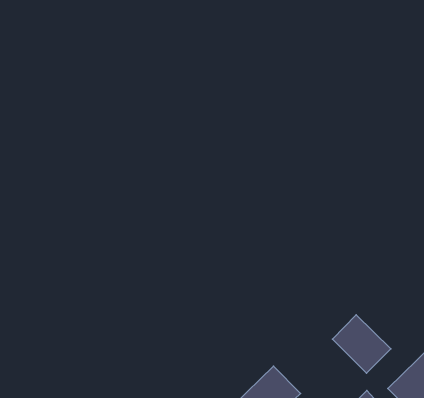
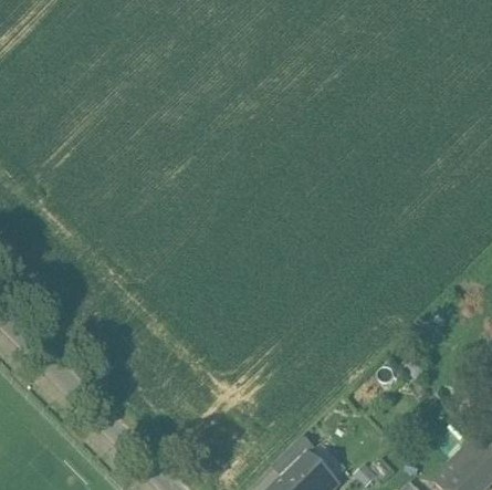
building: [333,315,391,373] -> none

